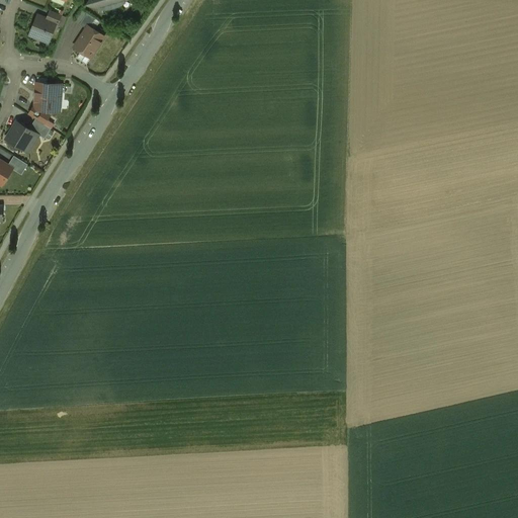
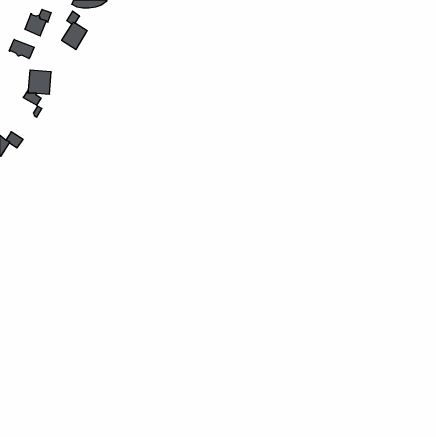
building: none -> [9,39,34,59]
building: [5,122,34,149] -> none

